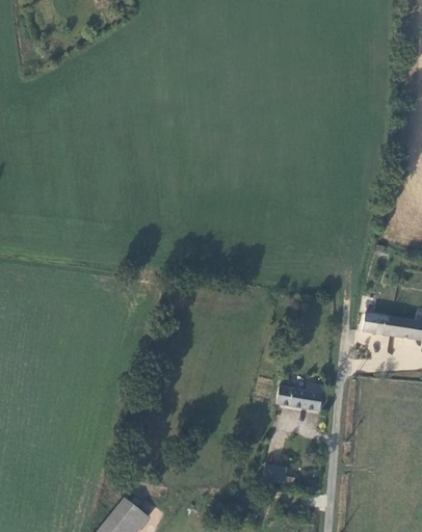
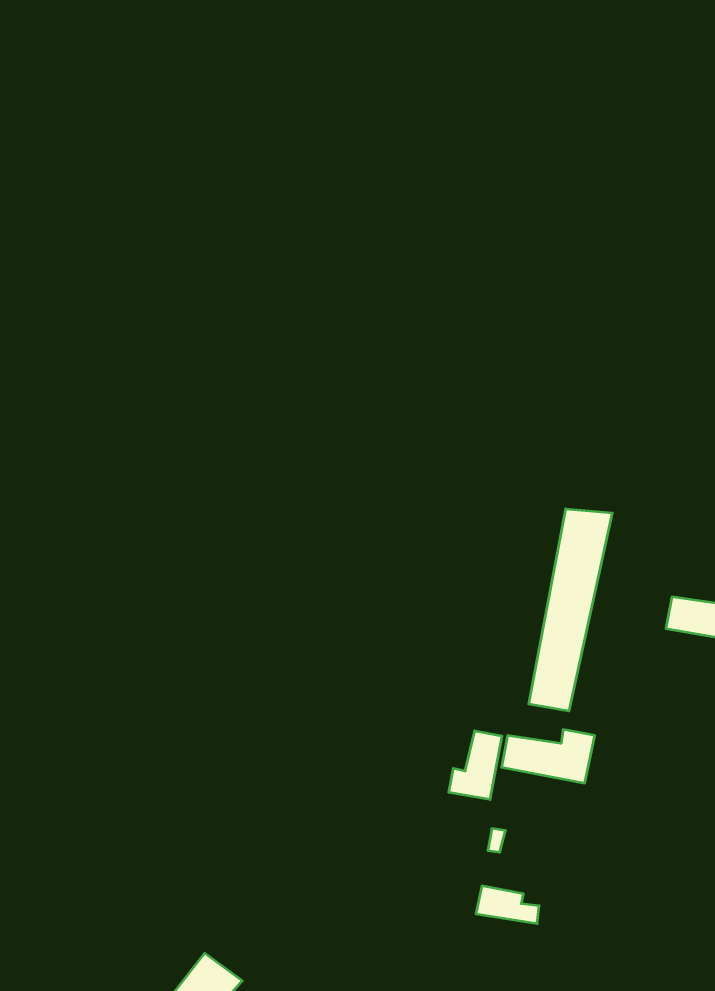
building: none -> [529,509,612,711]
building: none -> [449,731,502,800]

